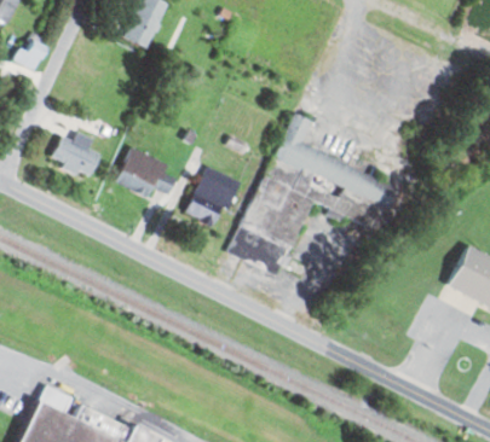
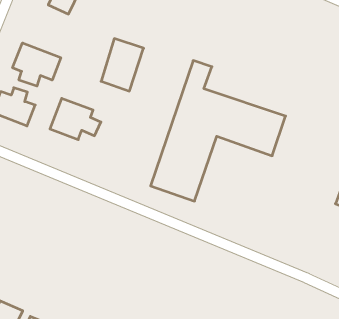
building: none -> [13,43,61,86]
building: [186,167,238,229] -> [101,39,144,91]

